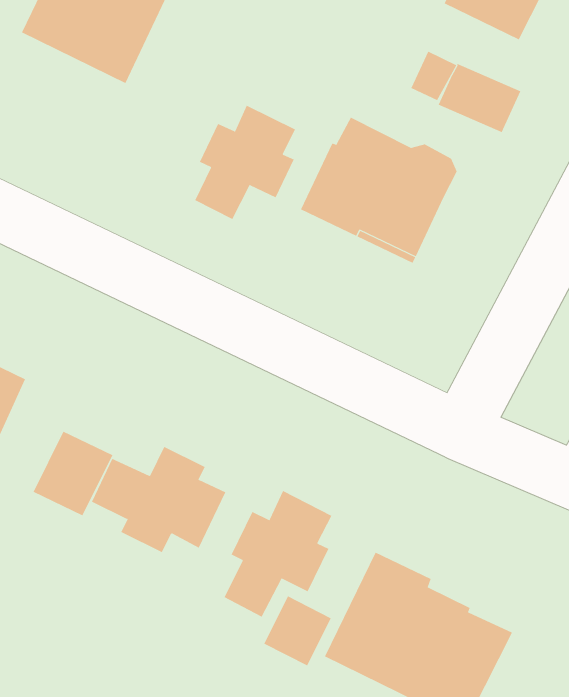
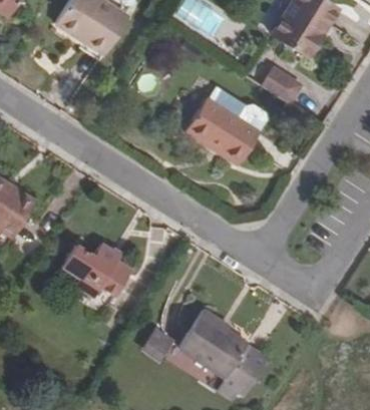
building: [194,105,296,220] -> none
building: [33,431,113,516] -> none
building: [224,490,332,617] -> none

